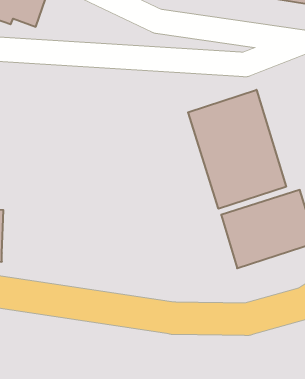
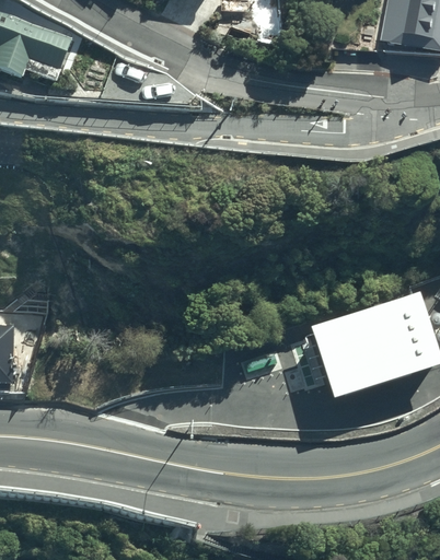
building: [188,90,286,209] -> none

